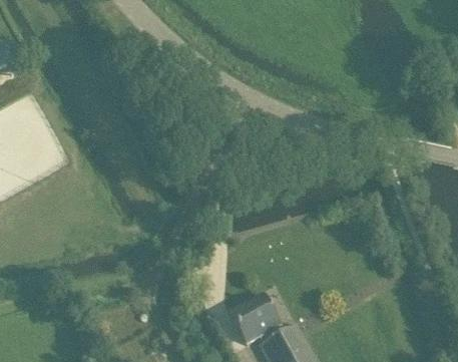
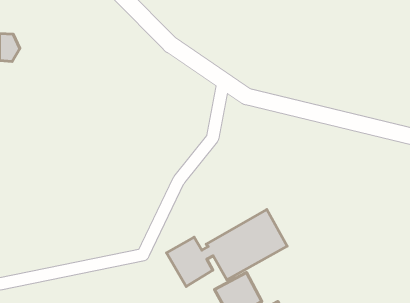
building: none -> [166,210,287,286]

